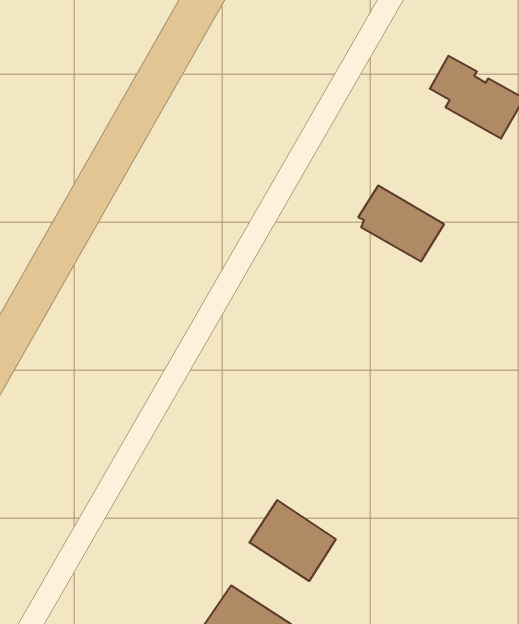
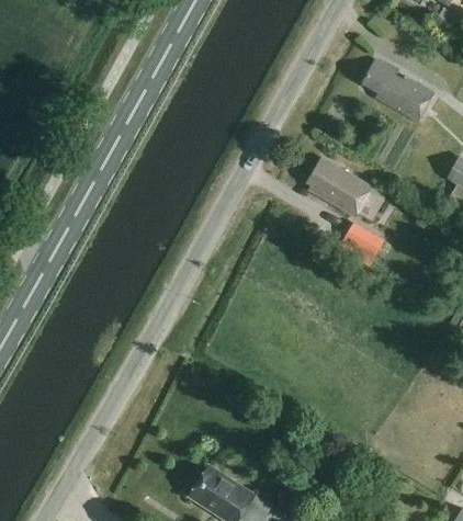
building: none -> [345,222,385,257]
building: [249,500,336,581] -> none

